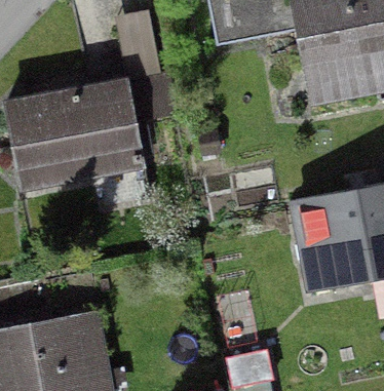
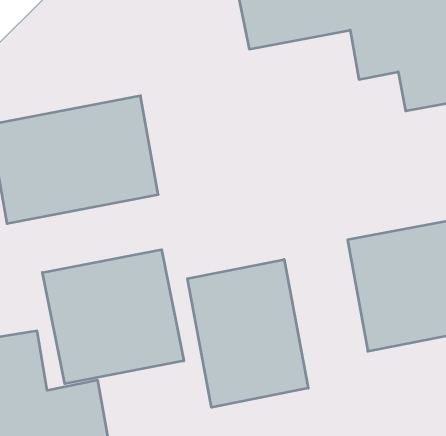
building: none -> [42,250,184,384]
building: none -> [187,259,308,407]

